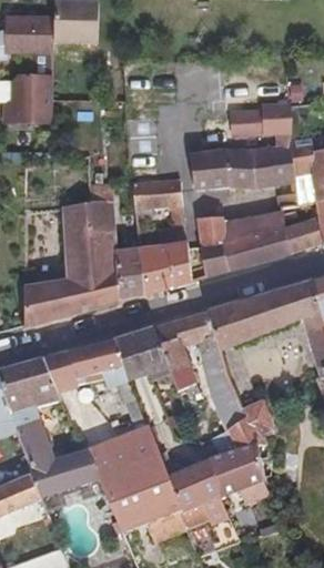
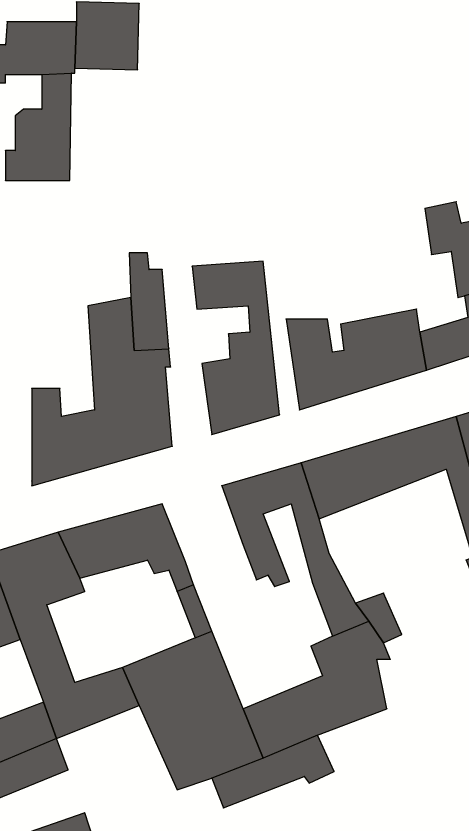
building: [224,104,292,136] -> none
building: [190,142,295,190] -> none
building: [115,246,146,302] -> none
building: [113,328,168,379] -> none

